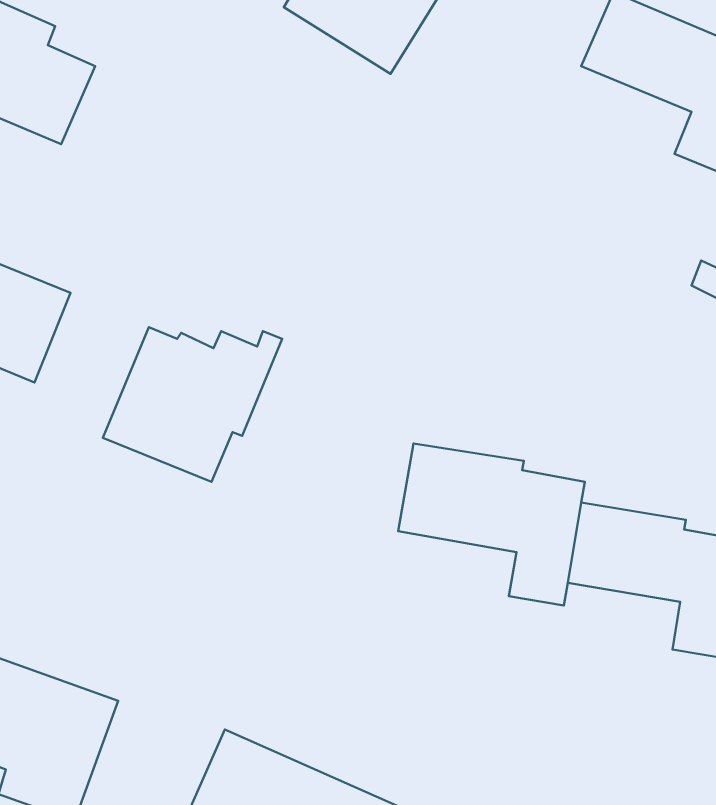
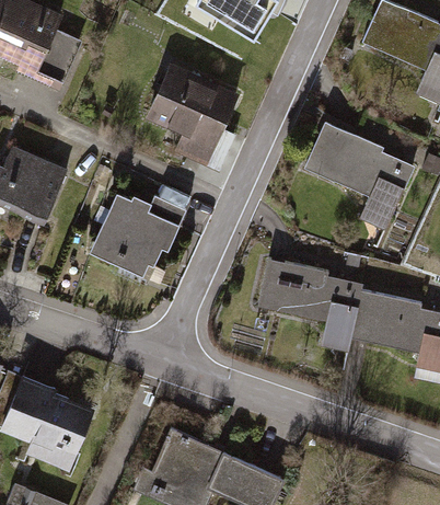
building: none -> [147,62,239,162]
building: none -> [306,122,418,232]

